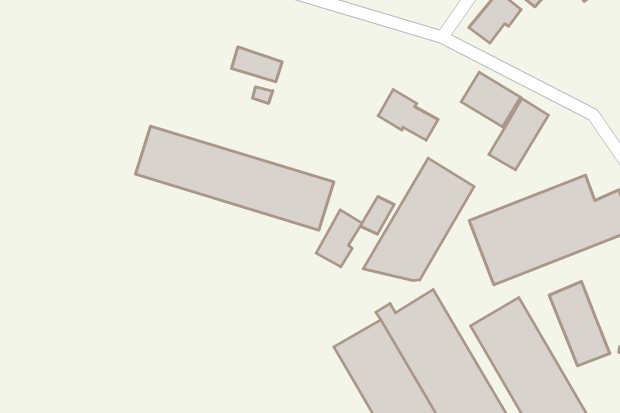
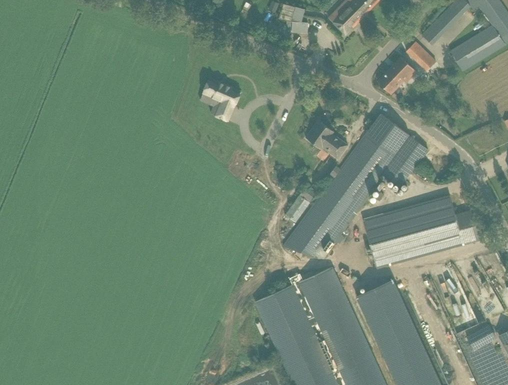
building: none -> [338,134,396,196]
building: [135,126,334,230] -> none
building: [316,210,362,267] -> none
building: [549,281,610,366] -> none

